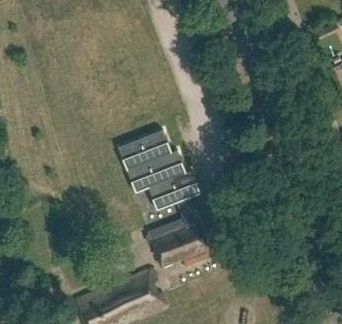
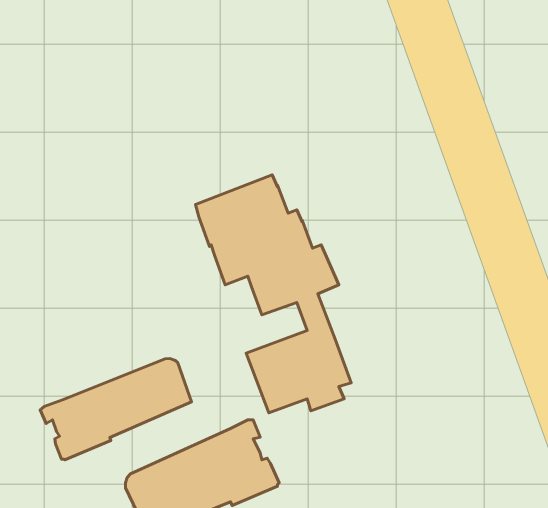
building: none -> [40,358,192,460]

